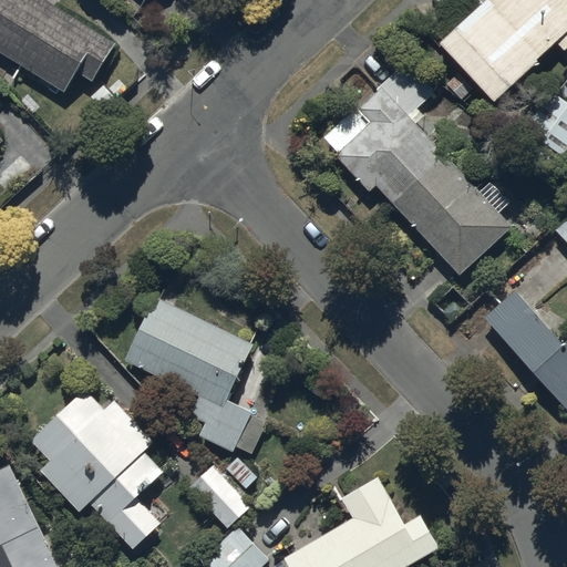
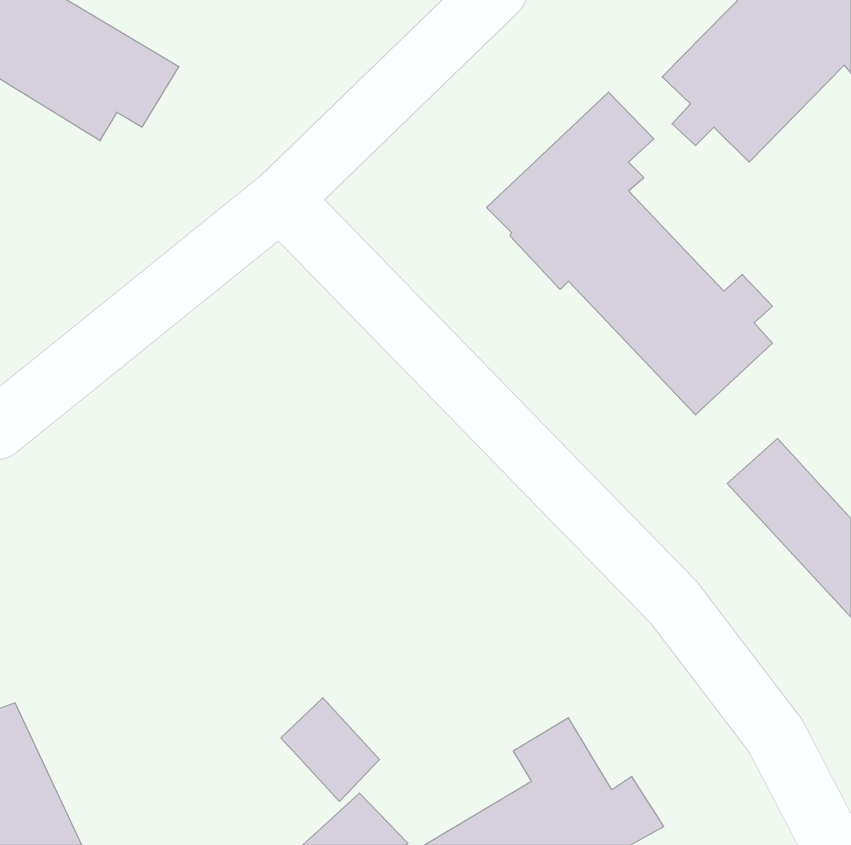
building: [125,297,267,451] -> none
building: [31,389,165,550] -> none

